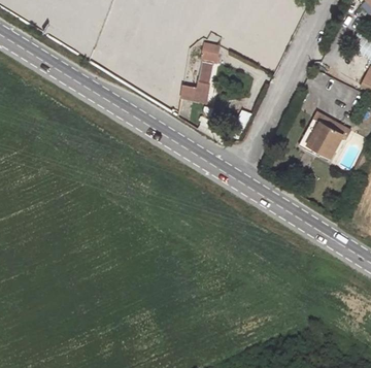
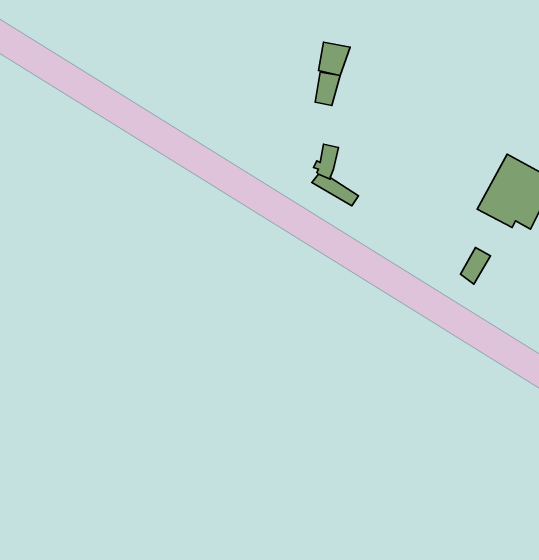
building: [179,79,209,103] -> none

